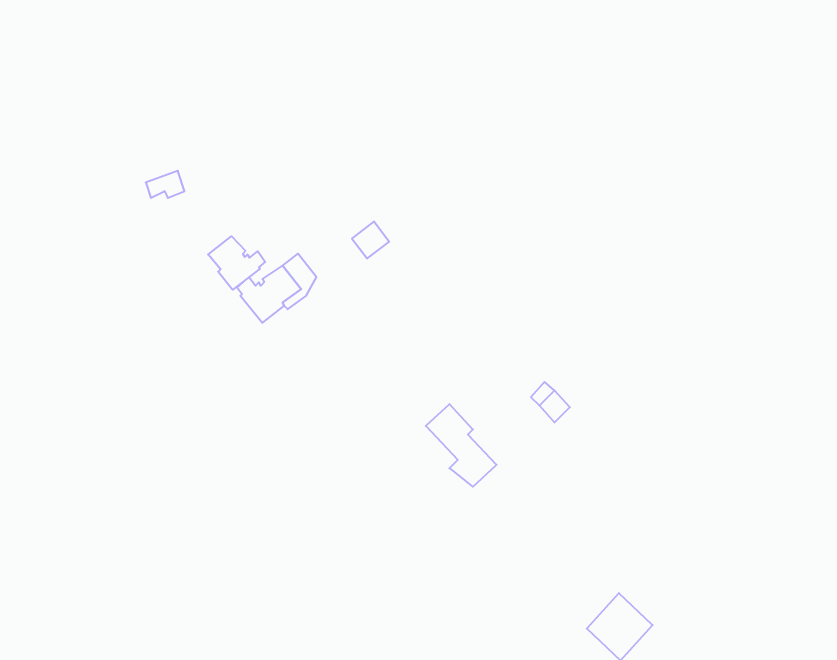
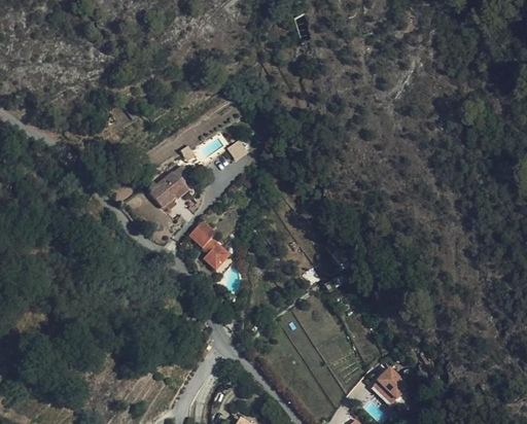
building: [208,236,265,290] -> none
building: [426,404,497,487] -> [192,219,236,270]

